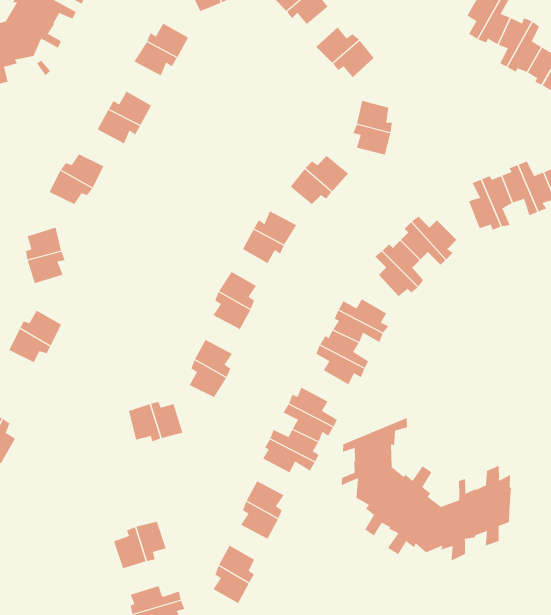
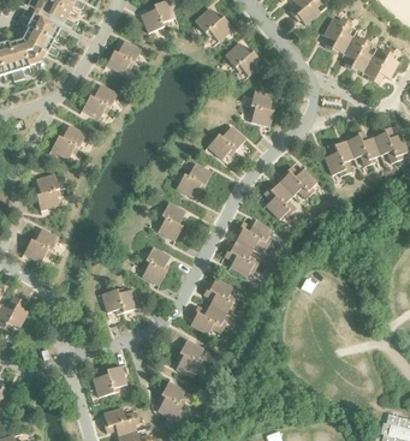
building: [341,417,512,562] -> none

